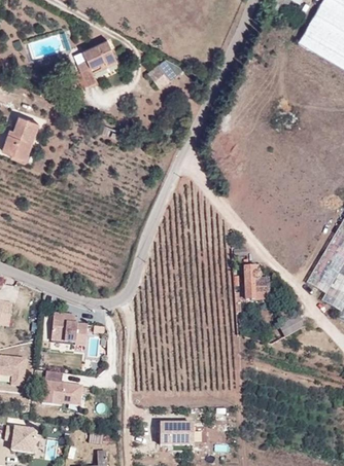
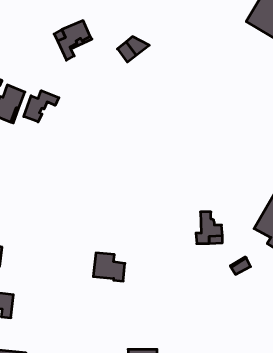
building: none -> [24,91,59,122]
building: [53,313,90,346] -> [93,253,125,281]
building: [42,370,82,405] -> none

